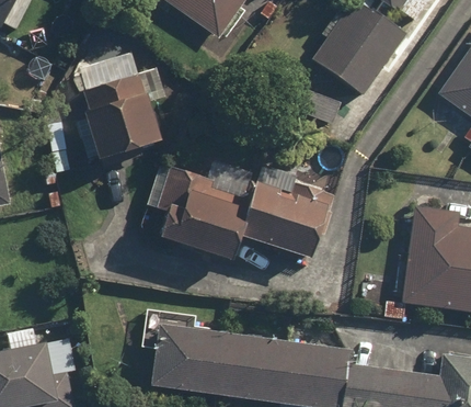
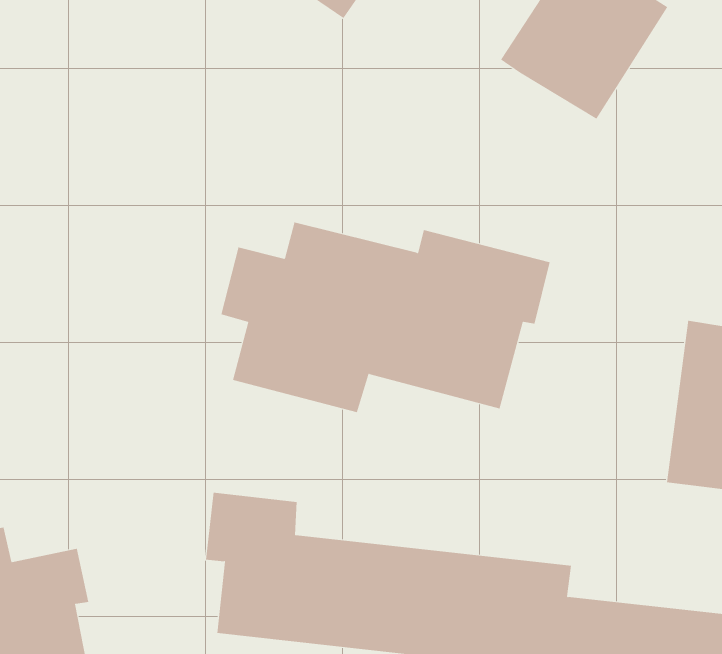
building: [76,54,166,160] -> none

